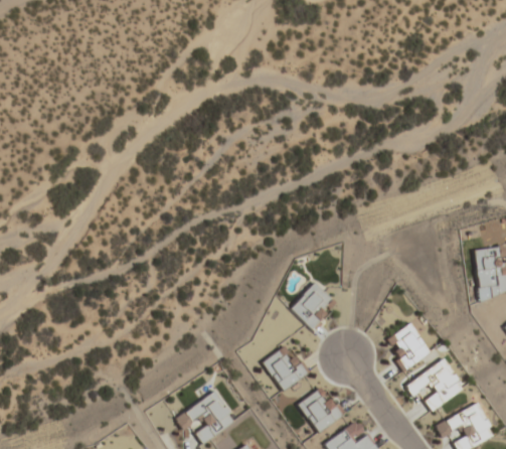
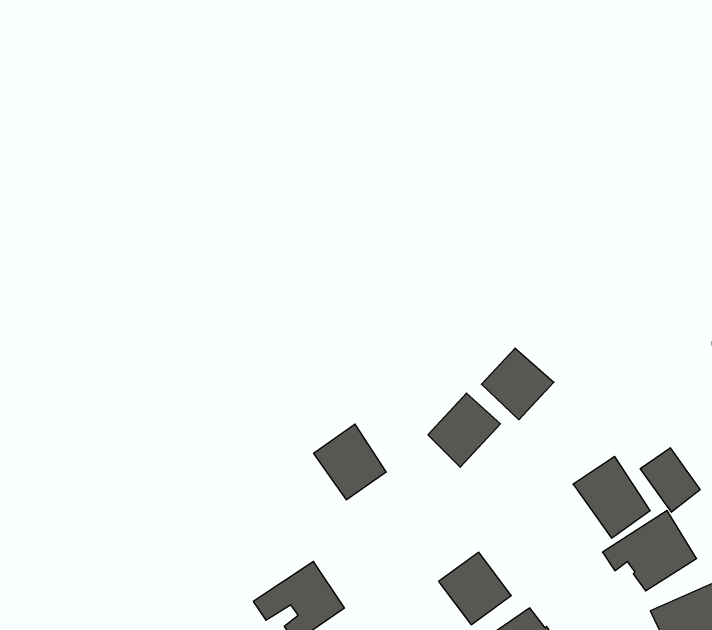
building: none -> [481,348,554,420]
building: none -> [640,448,700,512]
building: [262,342,309,392] -> [314,424,386,500]

